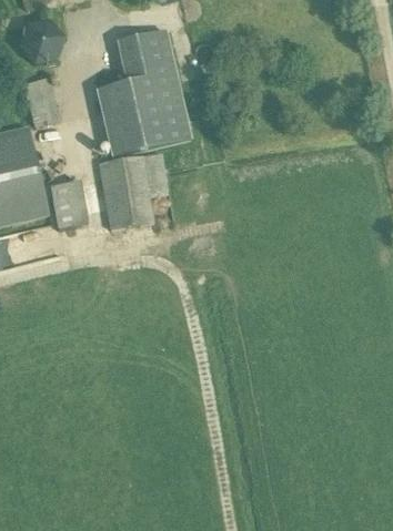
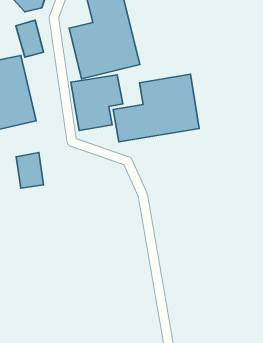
building: none -> [113,74,199,142]
building: [50,178,88,227] -> [16,153,44,188]

